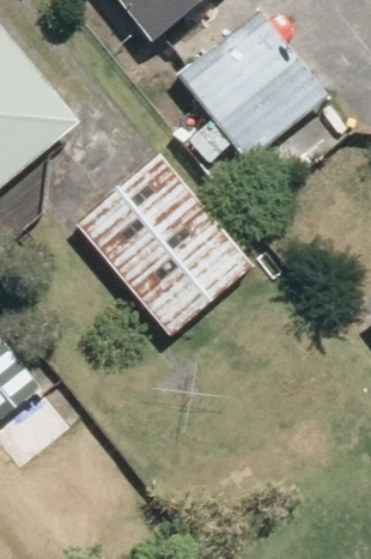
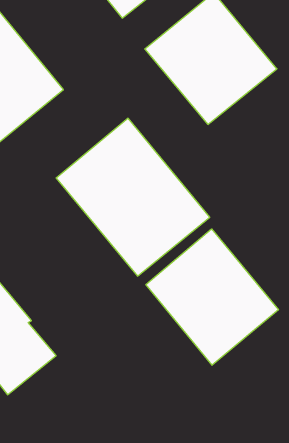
building: none -> [146,229,278,365]

